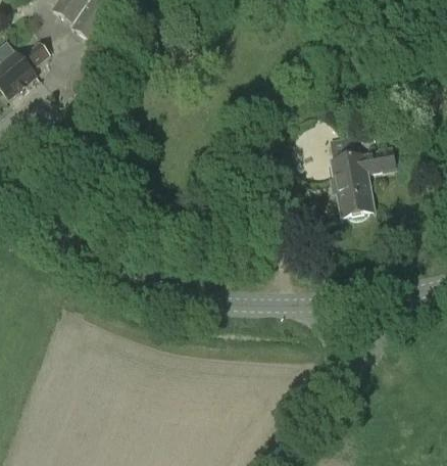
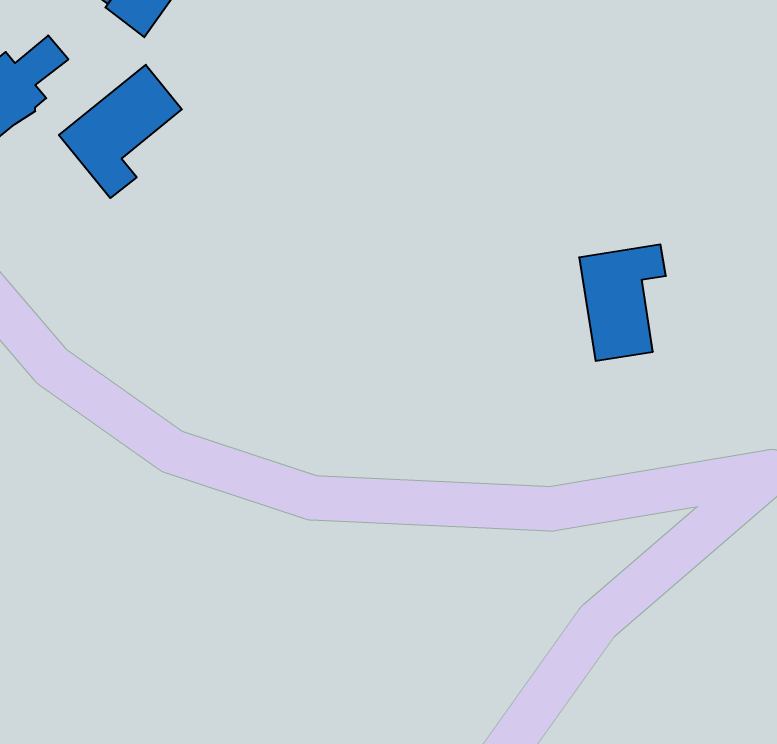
building: none -> [59,65,182,198]

